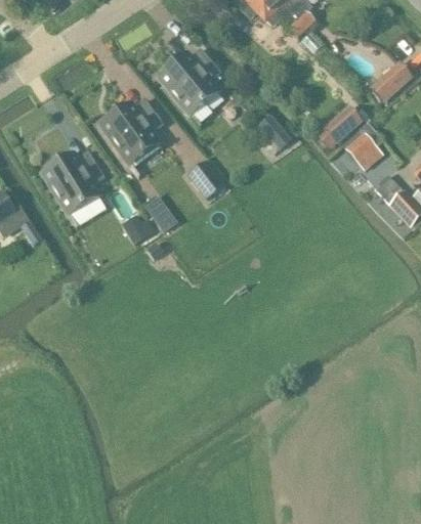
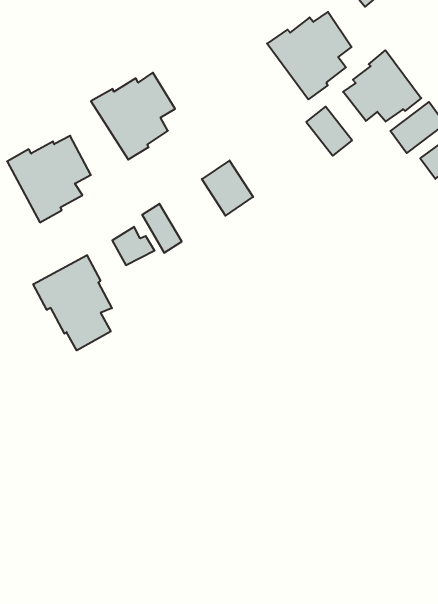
building: [159,49,221,115] -> [267,12,352,99]
building: none -> [343,50,421,122]
building: none -> [33,255,112,350]

